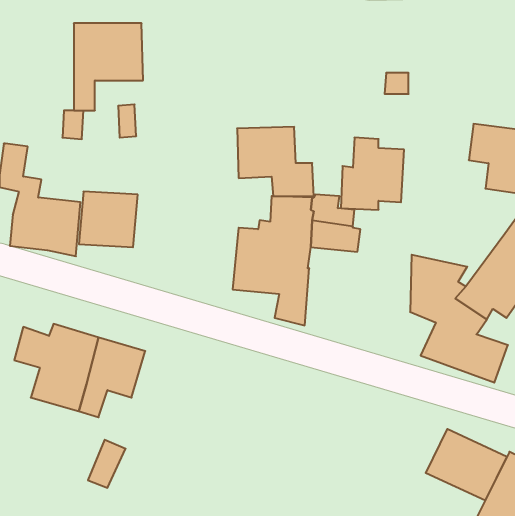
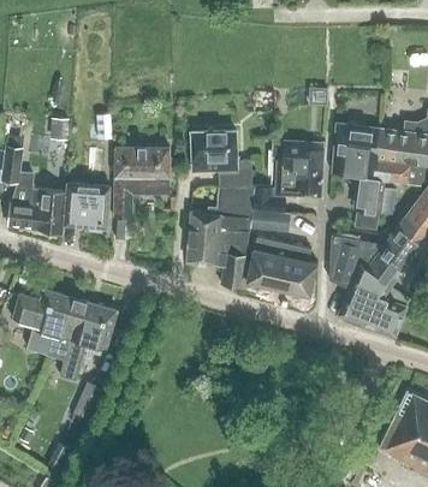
building: [74,23,143,110] -> [114,148,170,218]
building: none -> [332,124,394,231]
building: none -> [246,237,317,296]
building: [426,429,507,501] -> none

